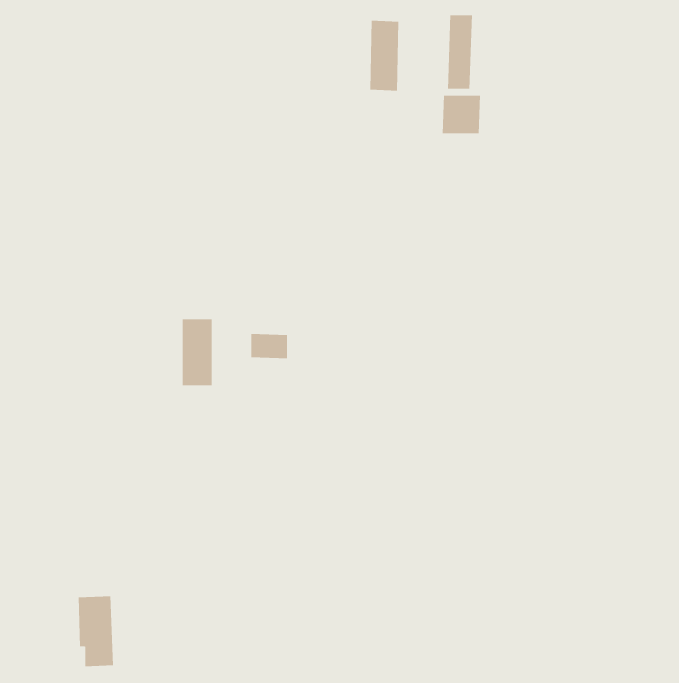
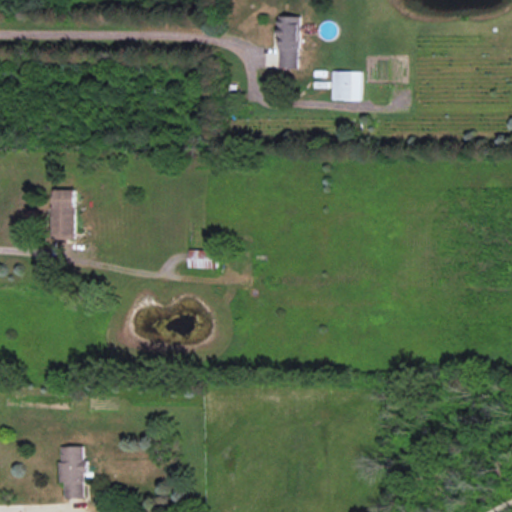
building: [447,15,472,90] -> none
building: [182,319,213,386] -> [50,190,73,240]

